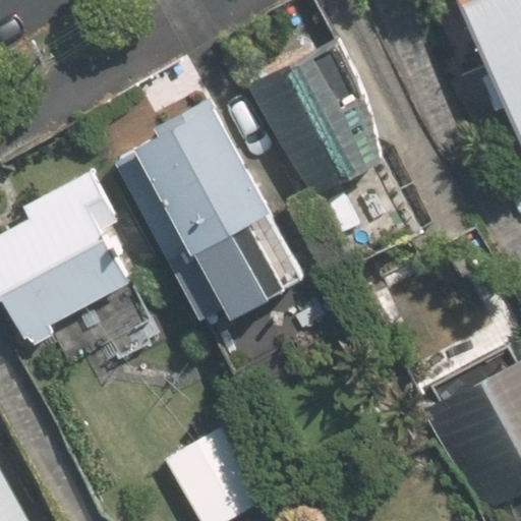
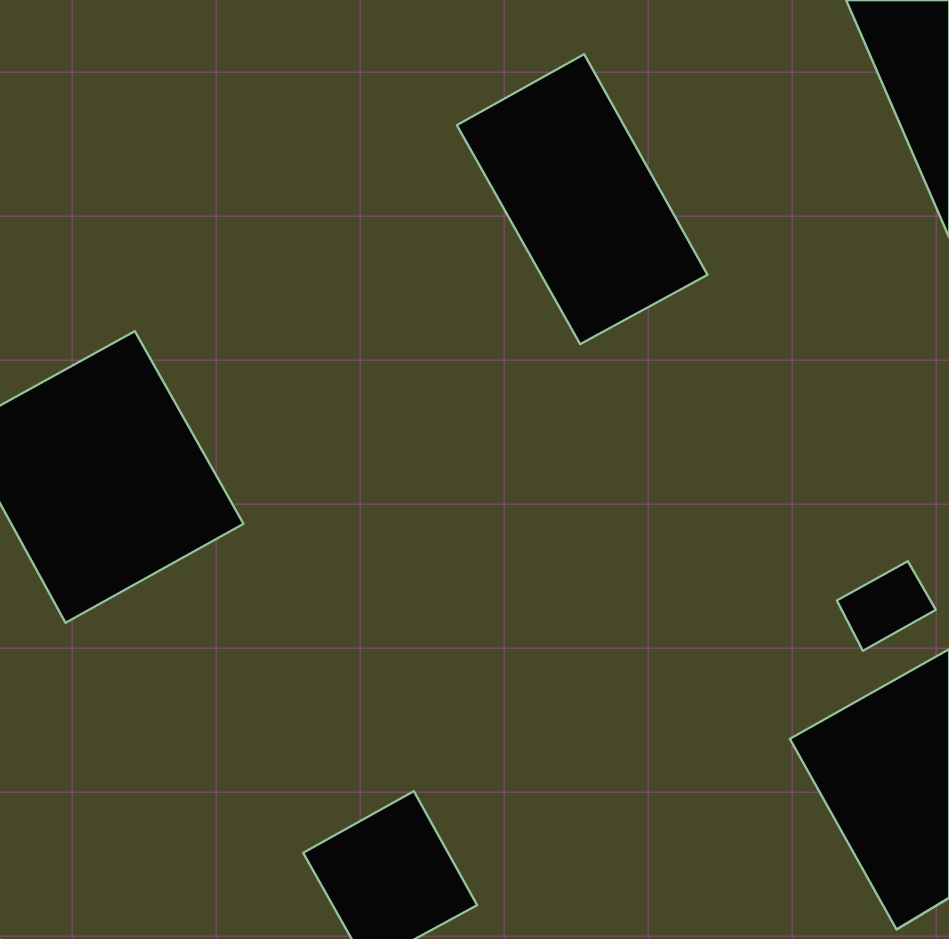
building: [128,107,306,321] -> none

